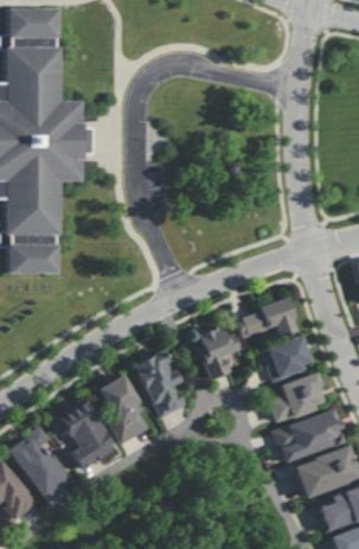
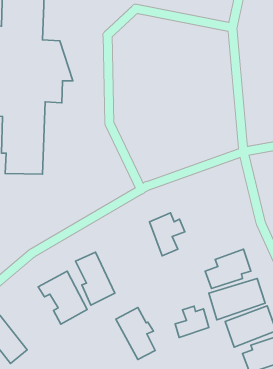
building: [236,299,297,337] -> none
building: [264,336,312,377] -> none
building: [133,350,184,417] -> [116,307,155,360]
building: [7,426,71,499] -> none
building: none -> [175,306,209,338]

